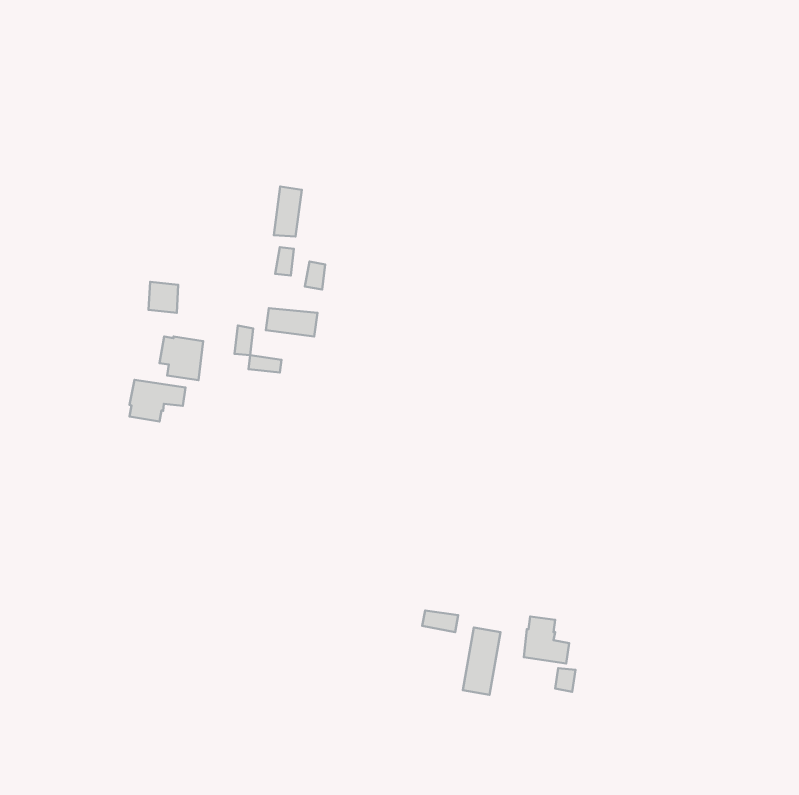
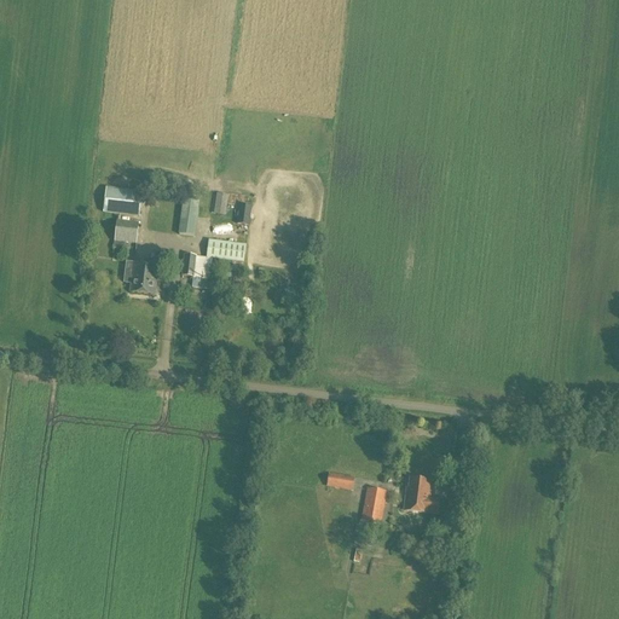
building: [274,187,302,237] -> [178,195,199,233]
building: none -> [103,185,141,214]
building: [129,380,186,422] -> none

